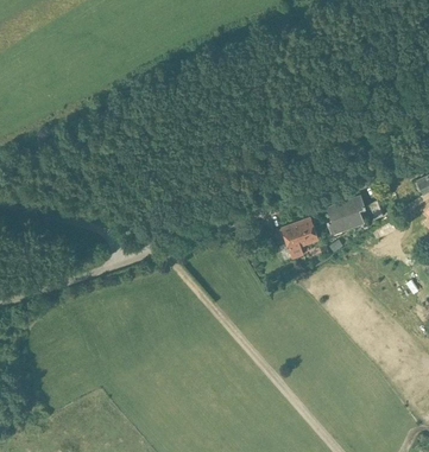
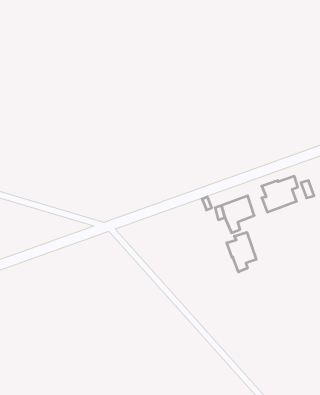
building: none -> [227,232,256,272]

